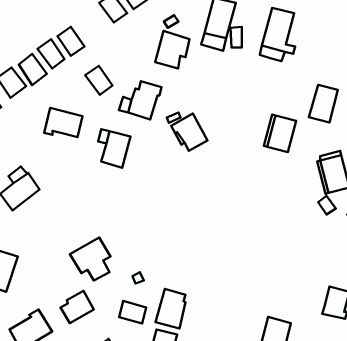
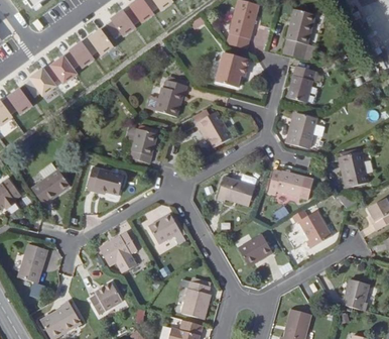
building: [155,31,190,68] -> [216,51,249,88]
building: [85,66,112,95] -> [109,8,135,36]
building: [309,85,338,122] -> [287,66,315,102]
building: [44,108,83,137] -> [87,166,124,195]
building: none -> [267,173,311,198]
building: none -> [217,177,255,206]
building: none -> [292,209,332,247]
building: none -> [149,214,180,244]
building: none -> [238,234,272,264]
building: [119,301,146,324] -> none

